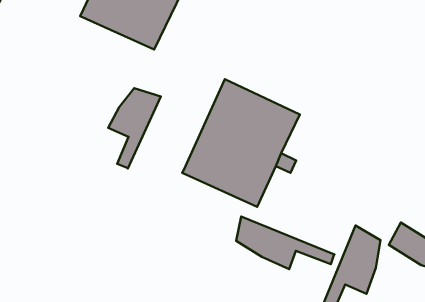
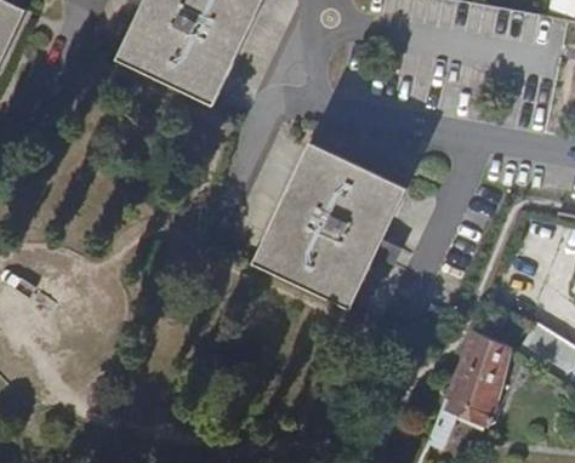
building: [108,88,161,168] -> none
building: [236,217,335,269] -> none

